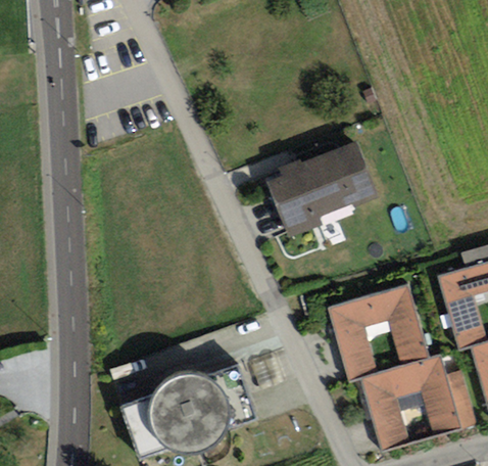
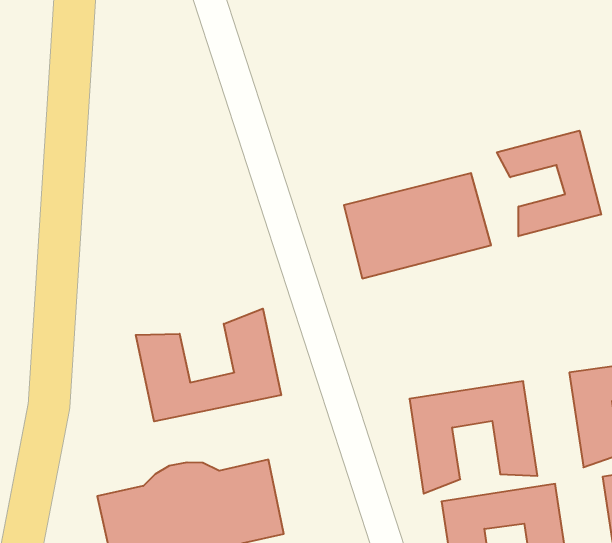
building: none -> [497,131,601,236]
building: none -> [136,309,281,421]

